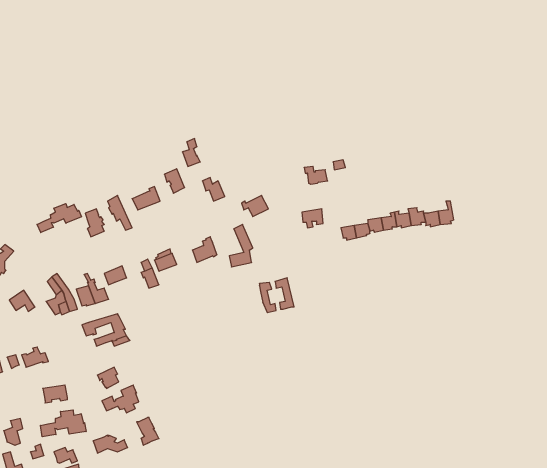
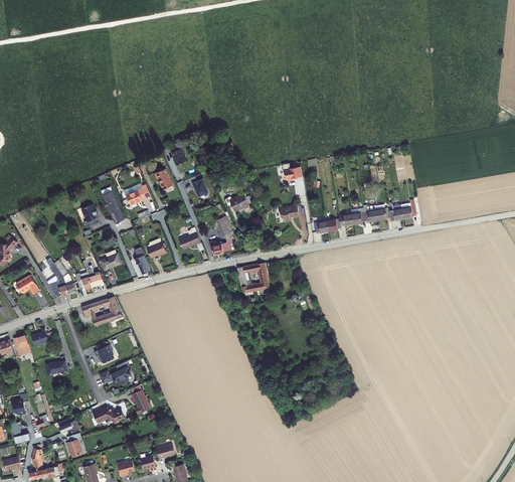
building: [37,204,82,233] -> none
building: [40,410,86,437] -> none

